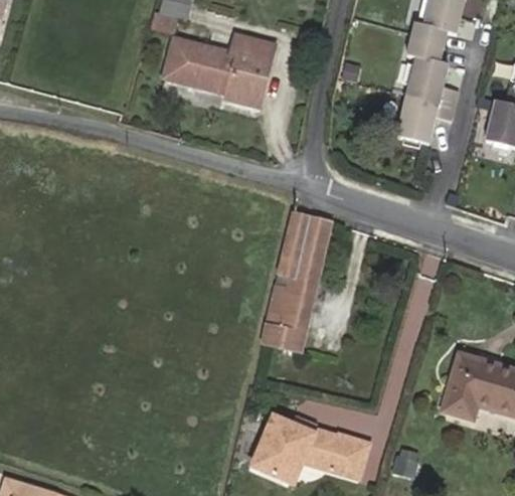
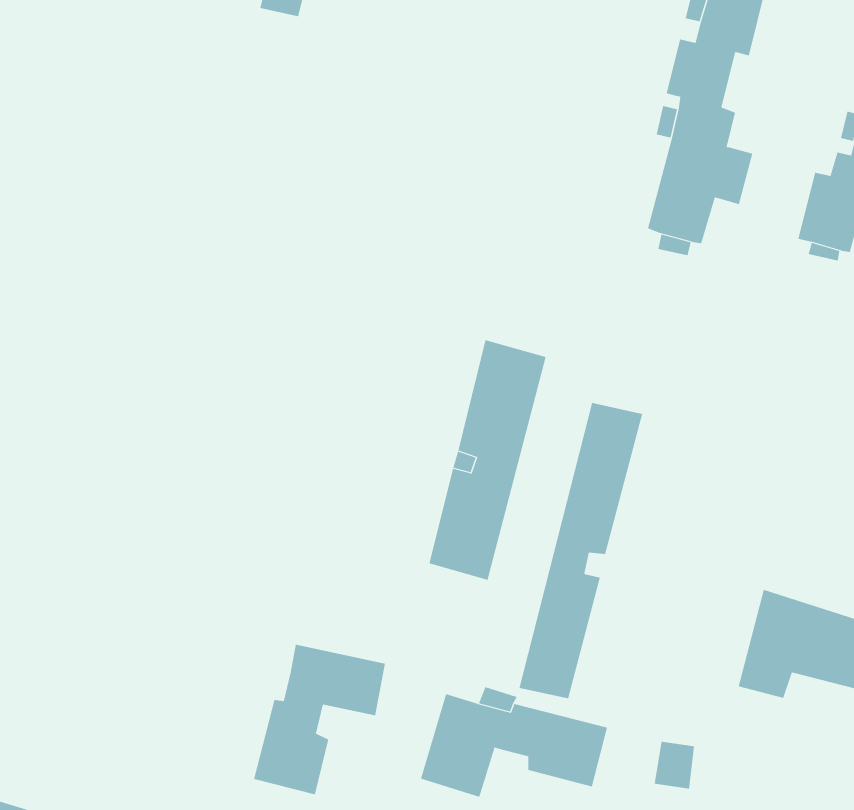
building: [168,36,277,107] -> none
building: none -> [519,402,643,699]
building: none -> [254,644,385,795]

